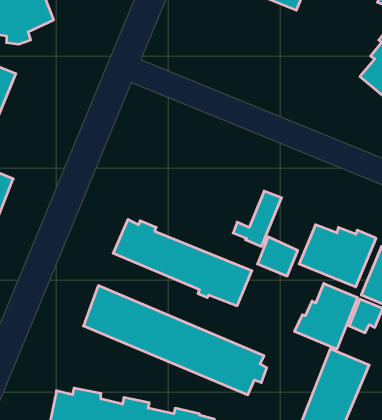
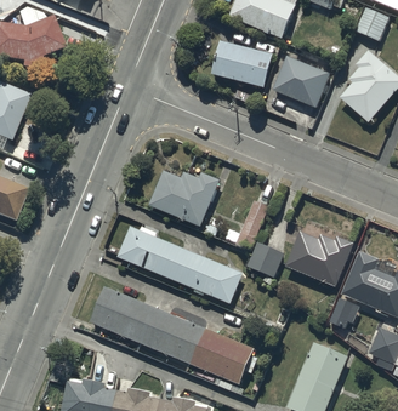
building: none -> [211,40,273,86]
building: none -> [273,56,330,107]
building: none -> [149,169,220,226]
building: [295,283,357,349] -> none

